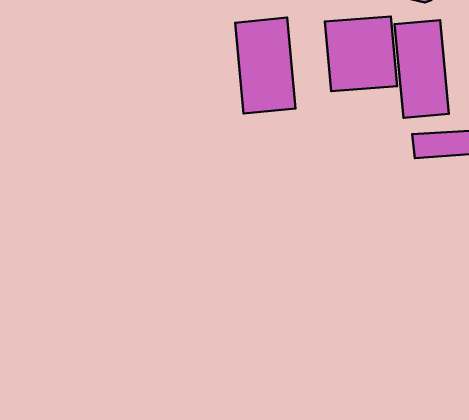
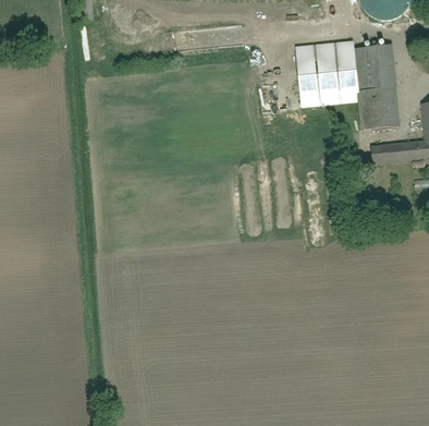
building: [235,17,295,114] -> none

